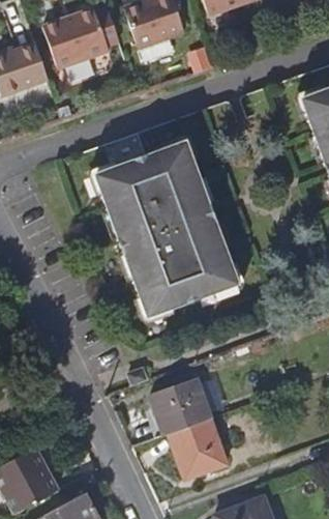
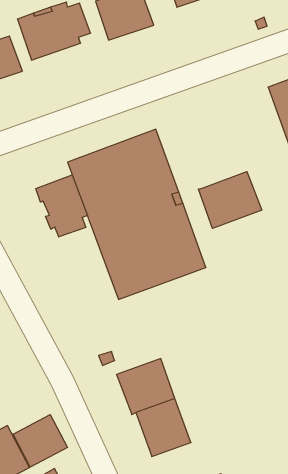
building: none -> [198,172,262,228]
building: none -> [36,175,87,237]
building: none -> [13,415,67,467]

